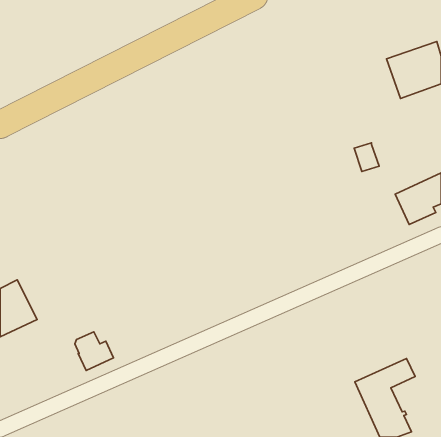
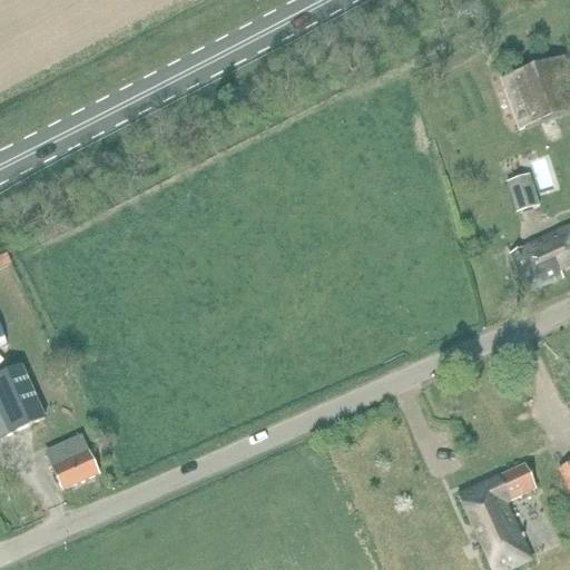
building: [354,143,379,171] -> [507,171,539,208]
building: [75,332,114,371] -> [48,438,98,488]

